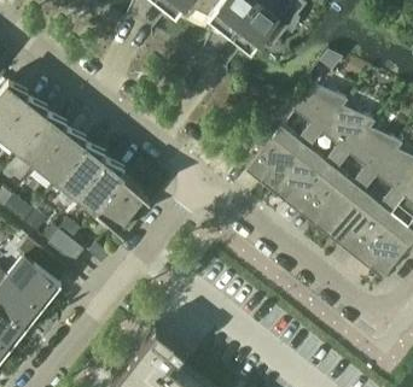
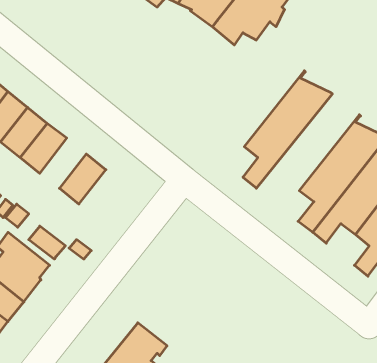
building: [273,100,374,204] -> none
building: [59,143,105,193] -> none
building: [98,175,146,229] -> none

